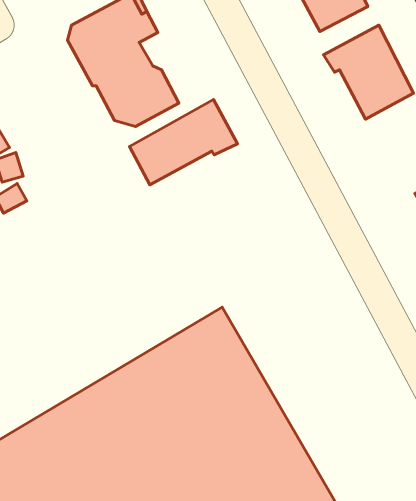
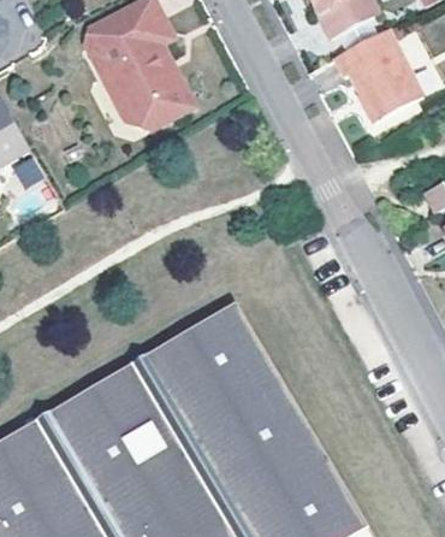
building: [129,100,237,185] -> none

